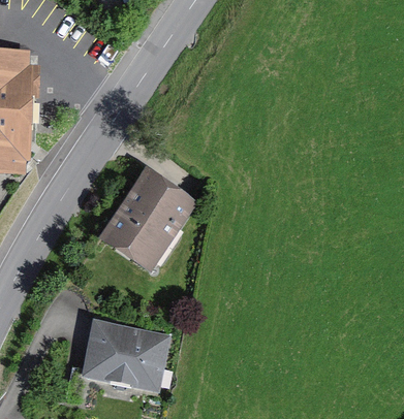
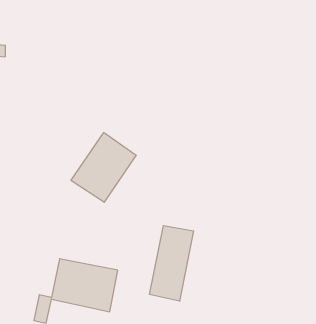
building: none -> [150,226,194,301]

